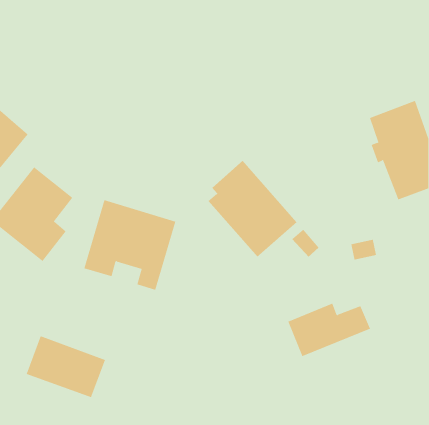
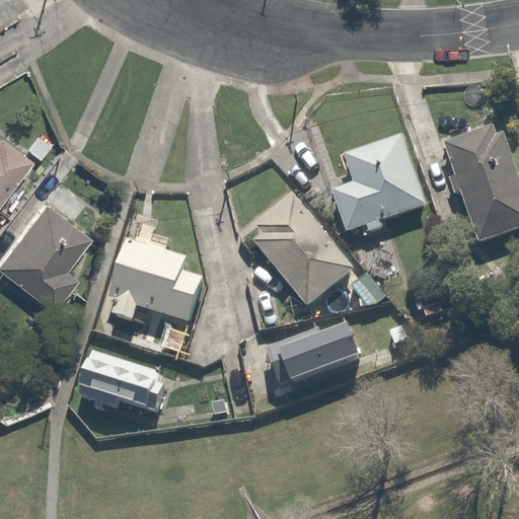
building: none -> [330,133,427,236]
building: [287,303,371,357] -> [262,326,362,391]
building: [26,336,106,398] -> [72,345,168,420]

